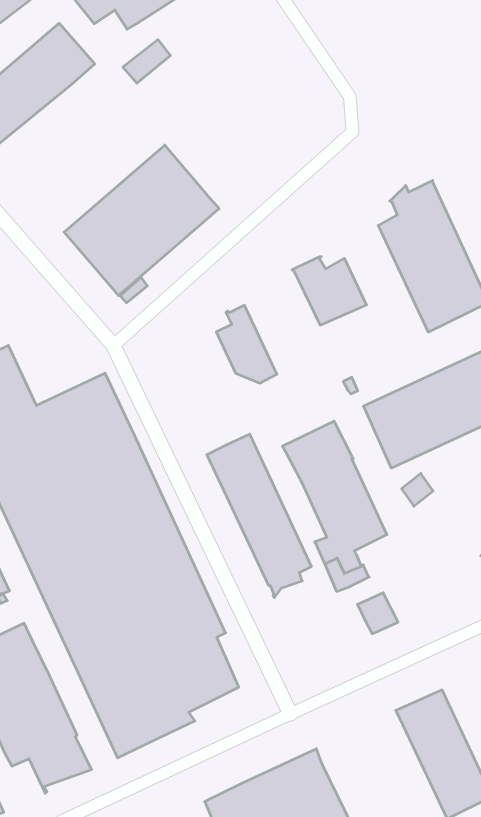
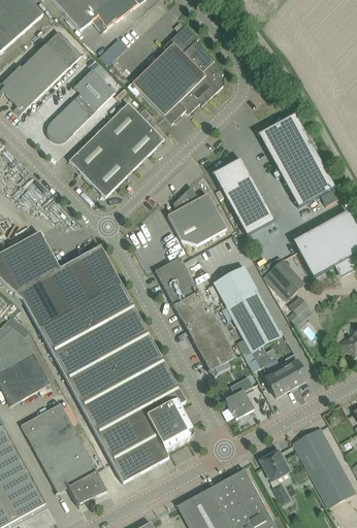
building: none -> [132,25,223,124]
building: none -> [46,69,115,142]
building: none -> [184,186,226,239]
building: none -> [231,193,273,235]
building: none -> [155,257,192,292]
building: none -> [277,353,306,388]
building: none -> [225,374,254,418]
building: none -> [261,451,290,503]

